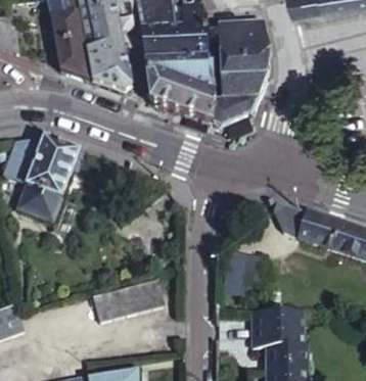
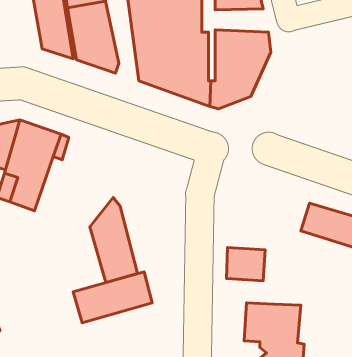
building: [221,35,270,56] -> none
building: none -> [90,198,137,283]

